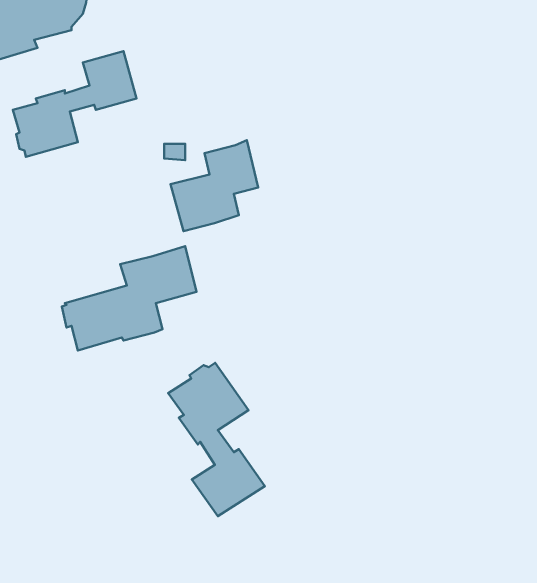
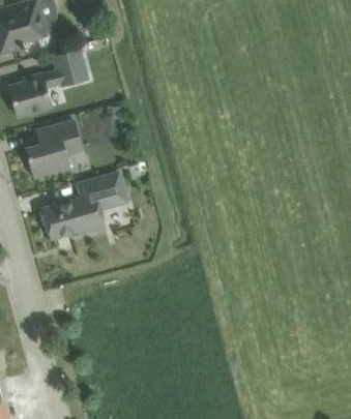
building: [170,140,258,231] -> [26,120,82,178]
building: [168,363,265,516] -> none

